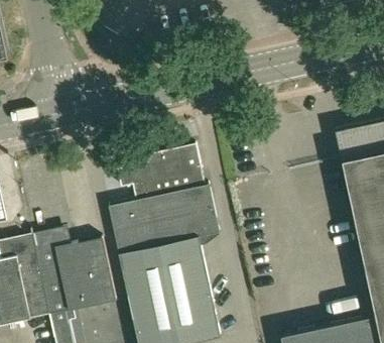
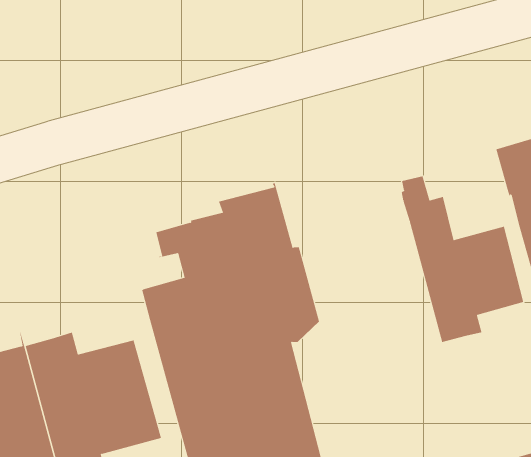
building: none -> [401,176,524,343]

